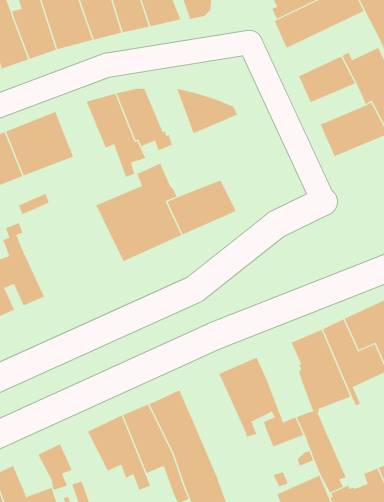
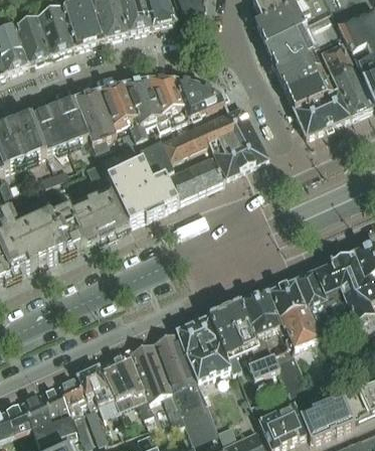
building: none -> [265,13,343,67]
building: none -> [286,73,332,108]
building: none -> [148,77,190,125]
building: none -> [73,89,117,143]
building: none -> [161,105,268,174]
building: none -> [45,160,130,252]
building: none -> [241,291,279,356]
building: none -> [177,316,231,390]
building: none -> [77,364,121,415]
building: none -> [38,384,70,419]

